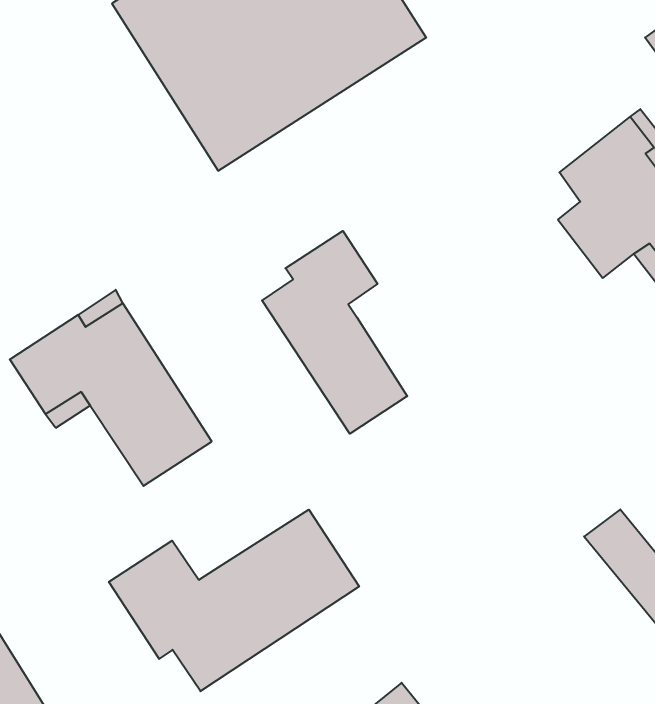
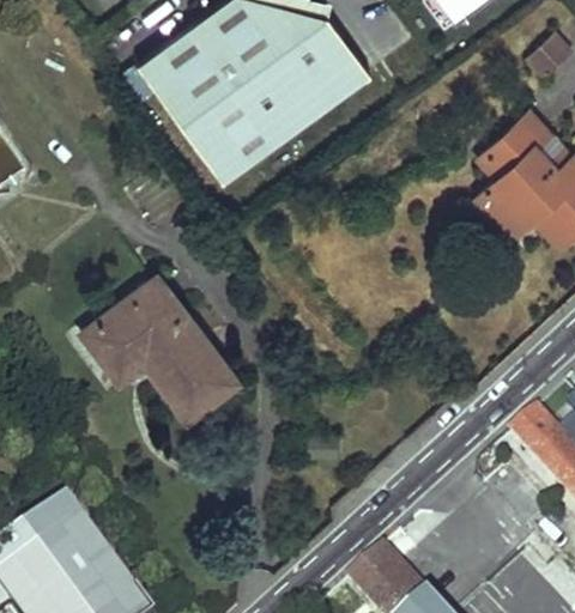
building: [262,231,407,434] -> none
building: [109,510,359,691] -> none

